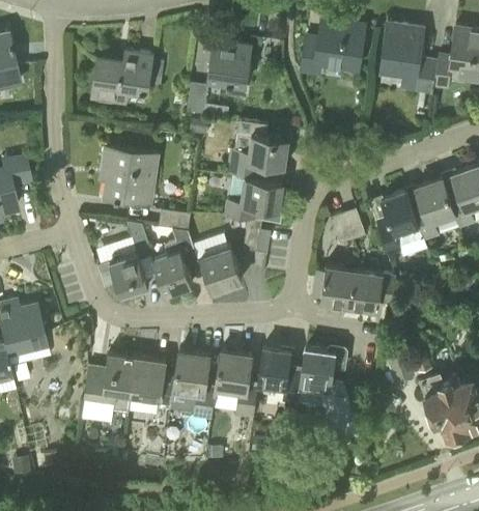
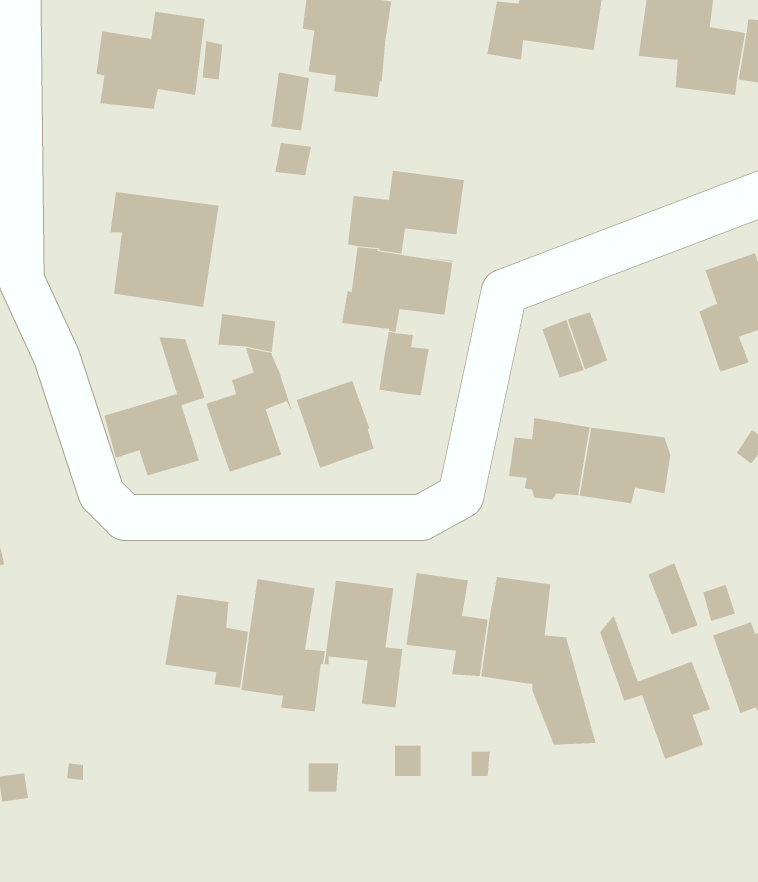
building: [369,190,423,256] -> none
building: [84,353,137,410] -> none
building: none -> [600,615,711,760]

